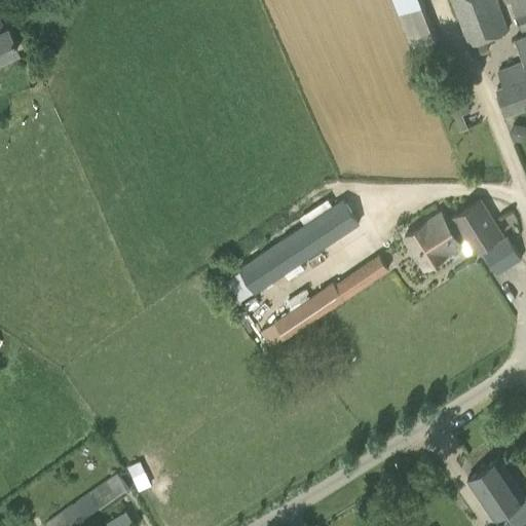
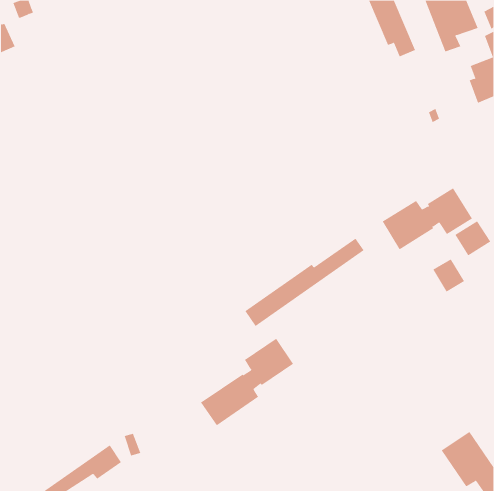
building: [239,200,361,294] -> none
building: none -> [433,259,465,292]
building: none -> [200,338,294,426]

